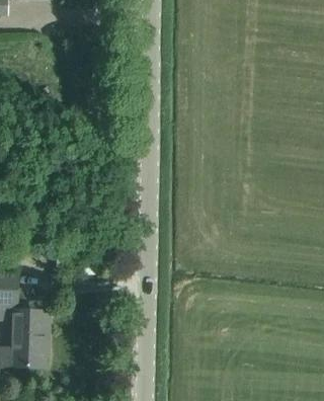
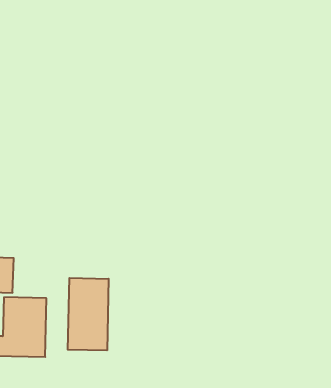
building: none -> [68,278,109,350]

